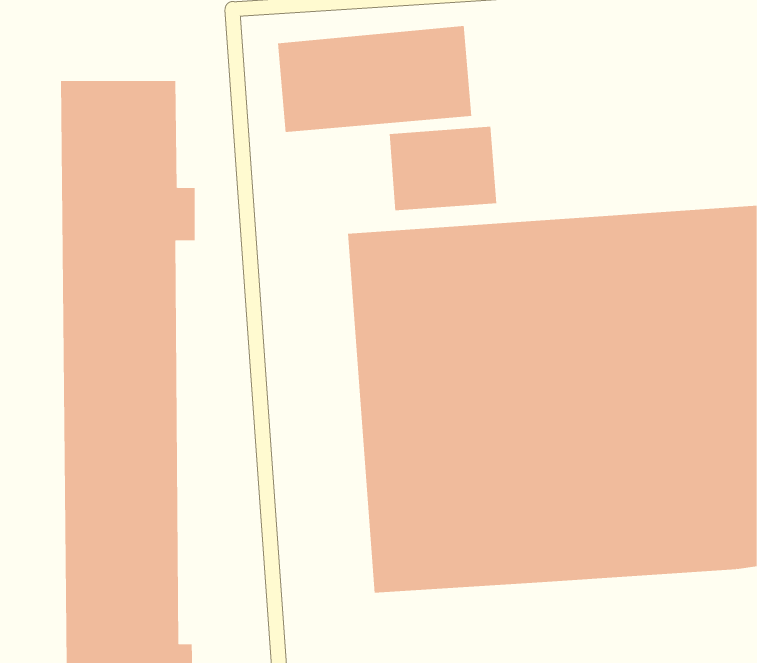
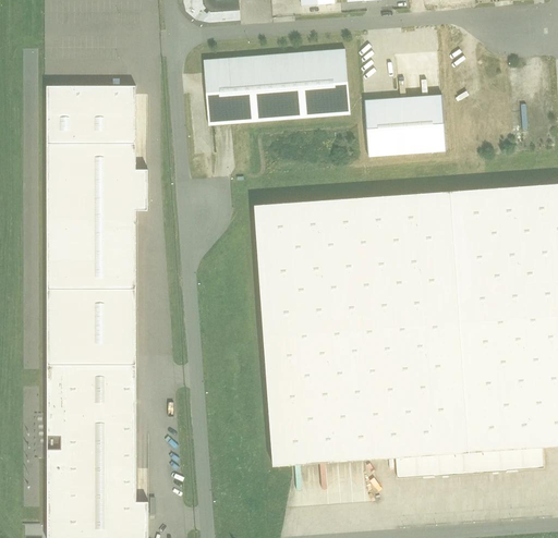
building: [389,126,497,211] -> [367,100,447,162]
building: none -> [396,447,543,476]

